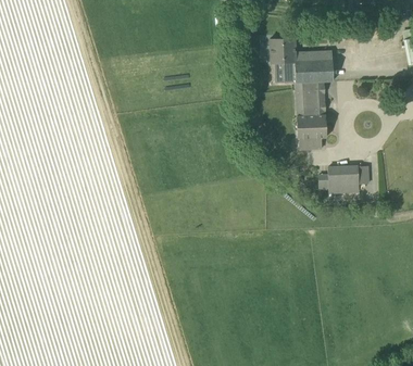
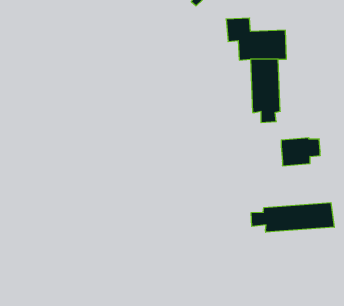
building: none -> [251,203,334,232]

